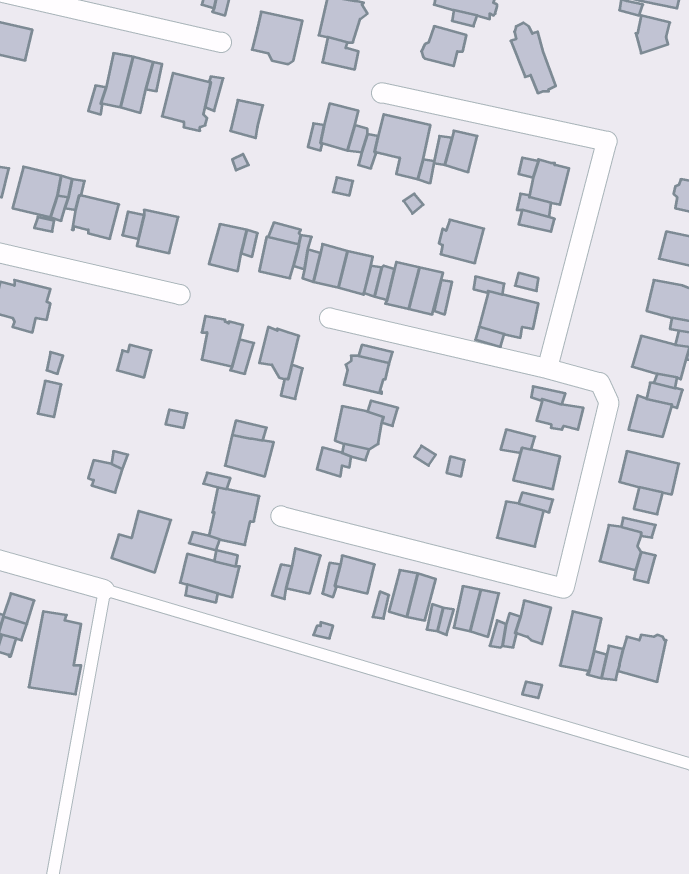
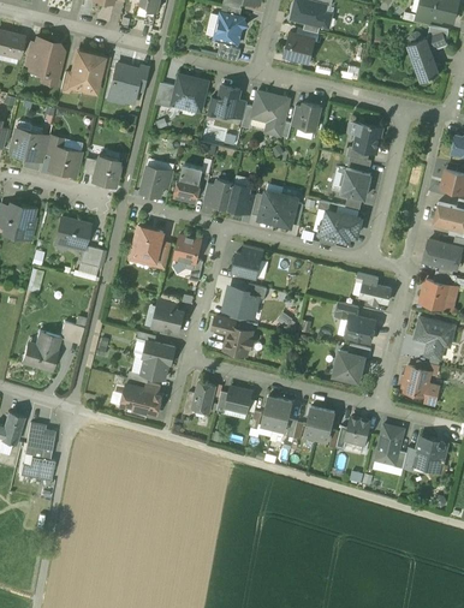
building: [252,12,302,64] -> [173,76,207,111]
building: [511,23,556,93] -> [408,32,438,79]
building: none -> [24,40,63,84]
building: [439,220,484,263] -> [340,169,370,198]
building: none -> [58,219,90,249]
building: none -> [225,327,252,354]
building: [112,511,171,572] -> [22,332,61,372]

